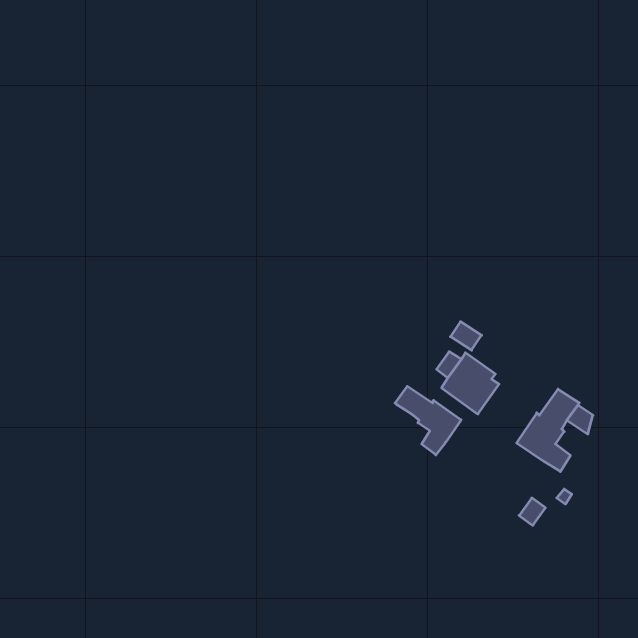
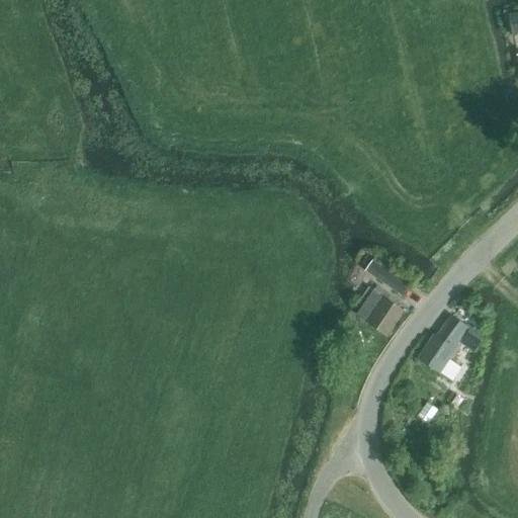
building: [395,386,461,455] -> none

